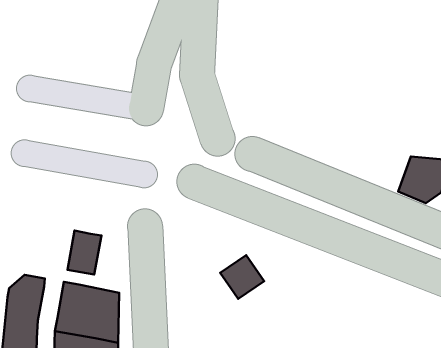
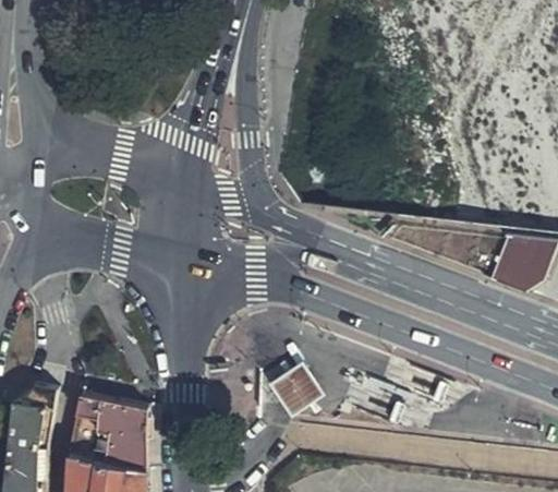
building: [67,231,101,275] -> none

